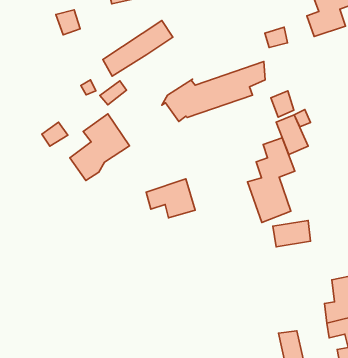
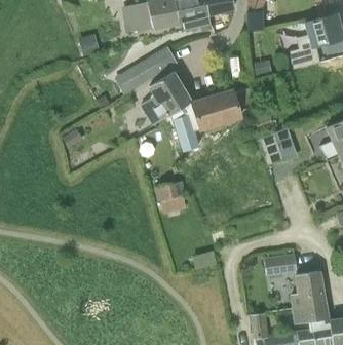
building: [70,114,129,180] -> [141,71,191,125]
building: [247,138,295,222] -> none
building: [273,220,310,247] -> [265,255,296,275]

